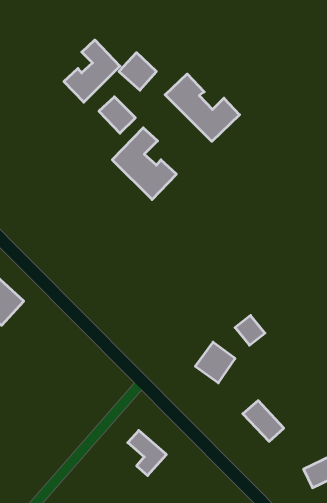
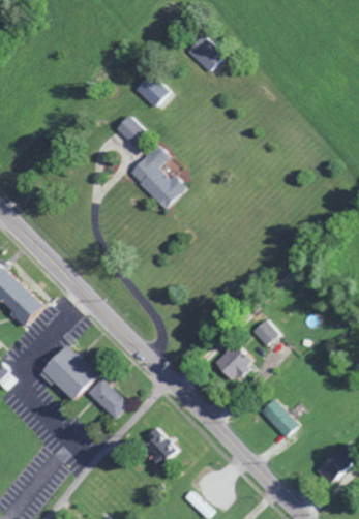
building: none -> [191,39,225,72]
building: [64,40,120,102] -> none
building: [165,74,240,141] -> none
building: none -> [39,343,131,421]

